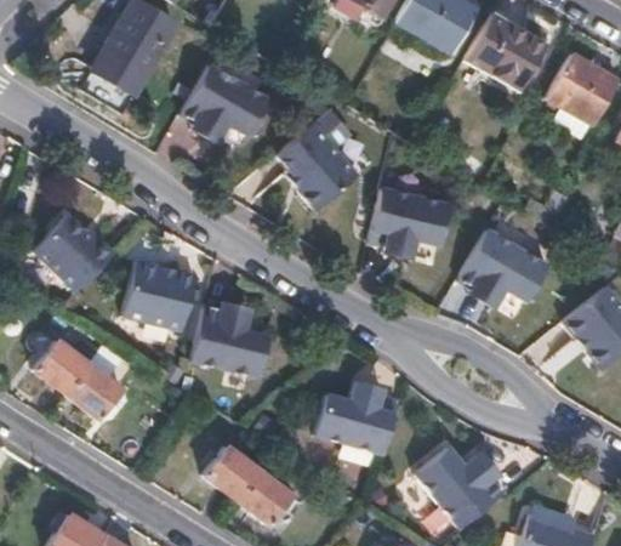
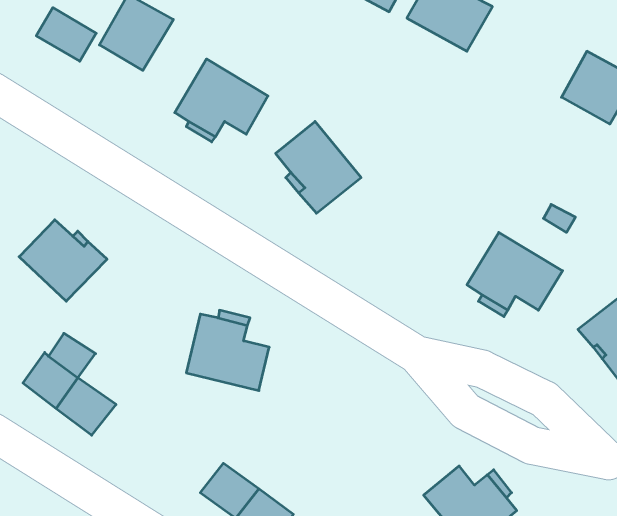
building: [463,12,546,92] -> none
building: [92,47,149,98] -> [36,8,96,61]
building: [366,186,446,255] -> none
building: [123,258,194,329] -> none
building: [318,383,399,454] -> none

